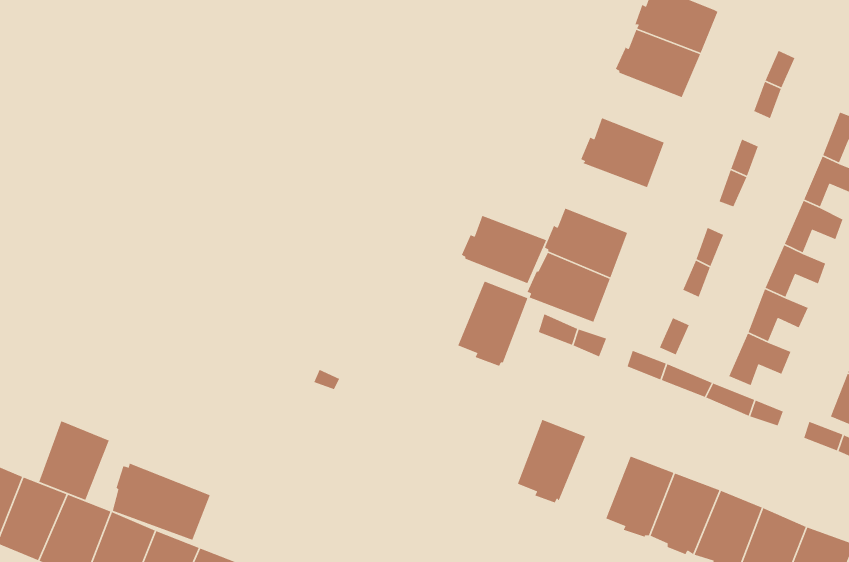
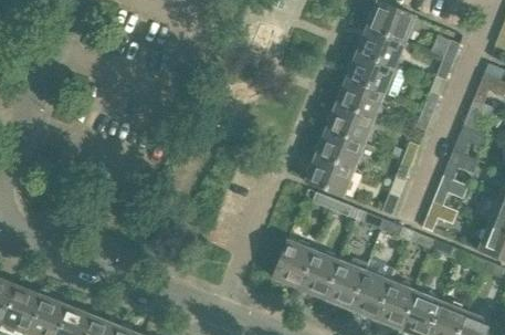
building: none -> [346,52,406,96]
building: [461,215,547,284] -> [325,104,375,144]
building: [457,281,528,367] -> [273,241,314,291]
building: [38,420,110,501] -> none
building: none -> [324,257,368,310]
building: [112,462,211,541] -> none

